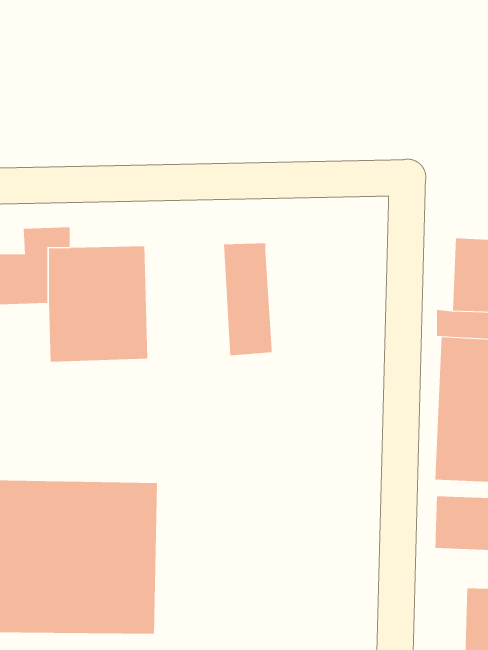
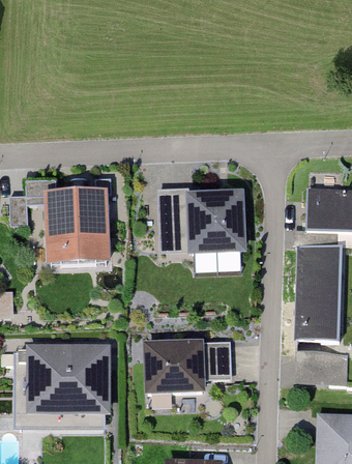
building: none -> [185,191,247,257]
building: none -> [143,336,232,387]

